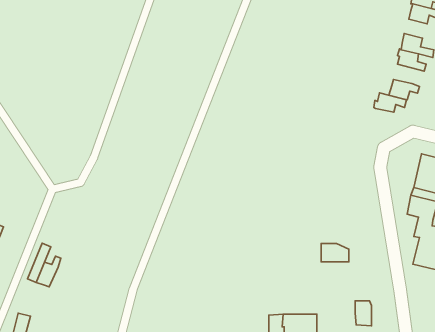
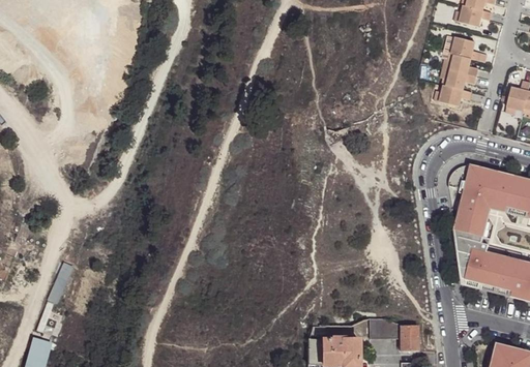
building: [374,93,406,112] -> [440,69,475,90]
building: [321,244,349,262] -> [371,317,401,337]
building: [36,256,61,287] -> none

